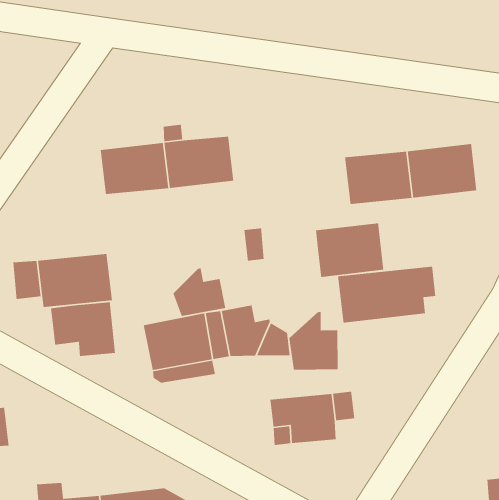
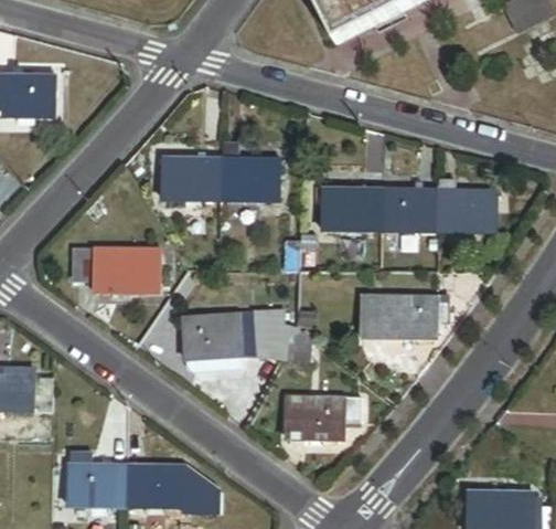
building: [315,222,384,278] -> [321,189,378,232]
building: [172,267,226,317] -> none
building: [50,302,116,357] -> none
building: [289,311,339,370] -> none

